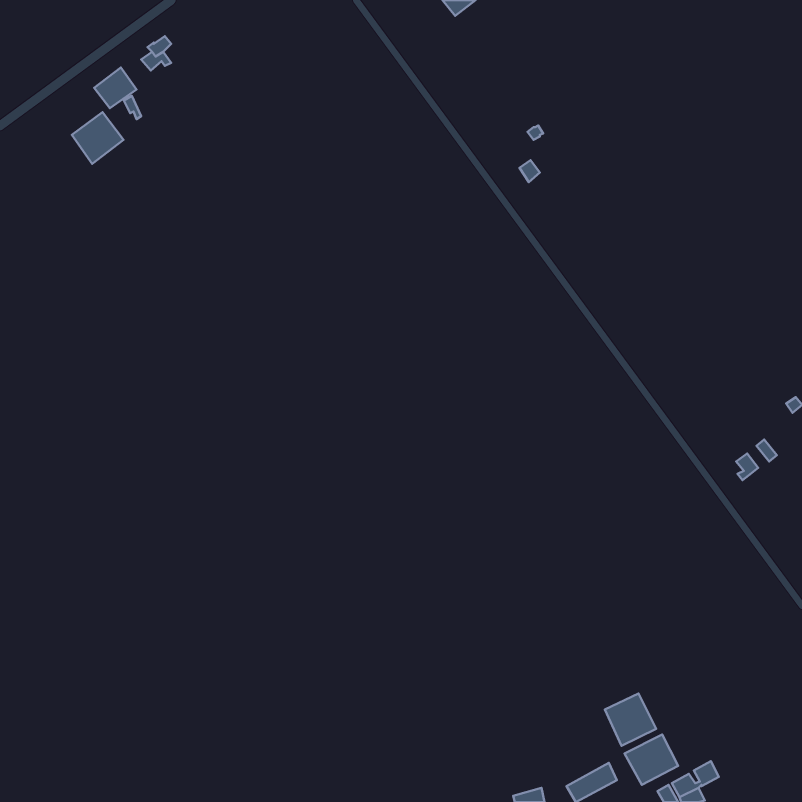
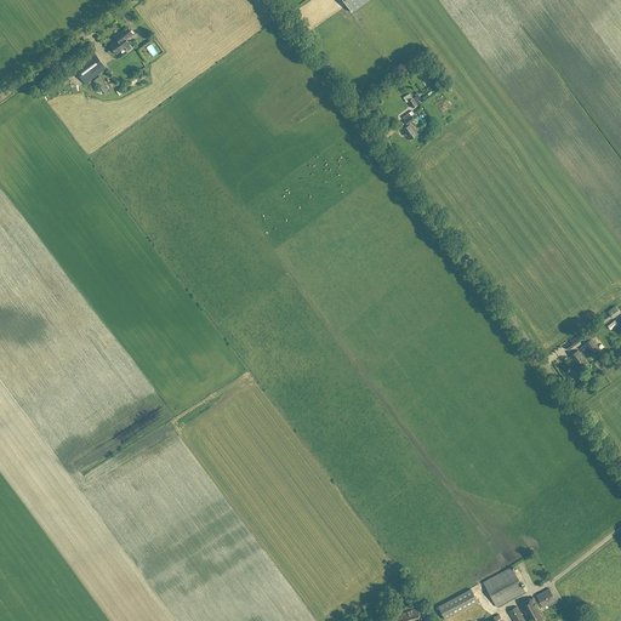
building: [72,112,123,164] -> none
building: [605,694,656,746] -> none

